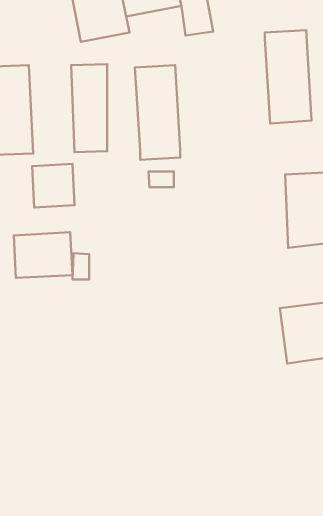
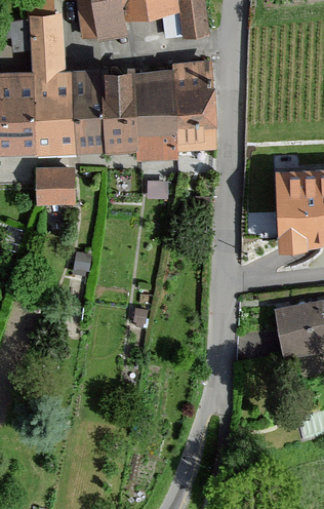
building: none -> [29,15,74,156]
building: [265,30,311,124] -> [171,63,216,153]
building: none -> [106,70,137,154]
building: [14,232,73,278] -> none

